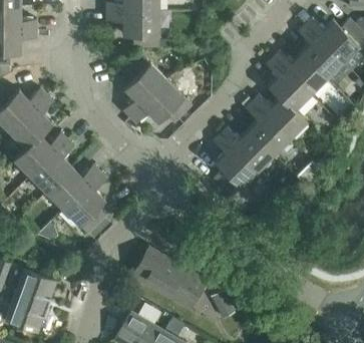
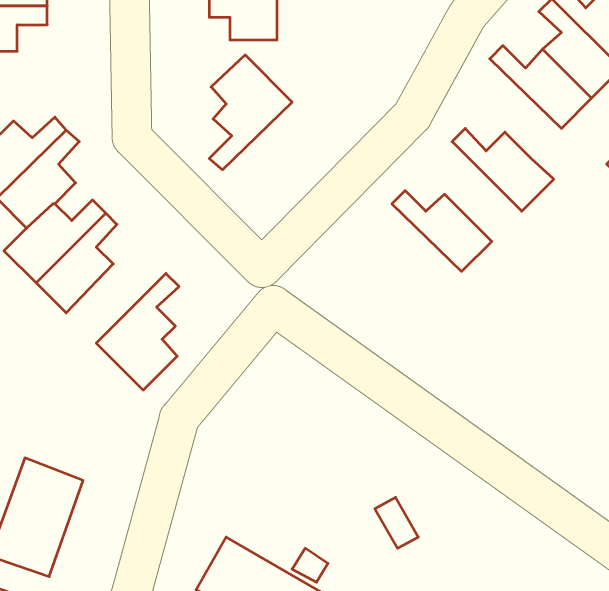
building: [266,57,310,110] -> none
building: [129,80,192,123] -> none
building: [246,101,289,154] -> none
building: [213,134,257,197] -> none
building: [46,164,99,209] -> none
building: [133,248,205,307] -> none

